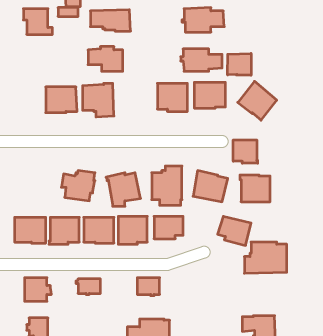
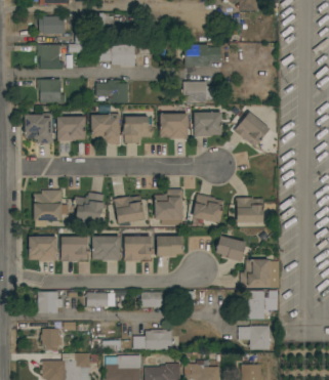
building: none -> [37,80,65,103]
building: [228,53,251,75] -> none
building: none -> [25,113,52,143]
building: none -> [123,116,153,143]
building: [233,140,258,163] -> none
building: none -> [34,191,61,220]
building: none -> [246,291,264,320]

